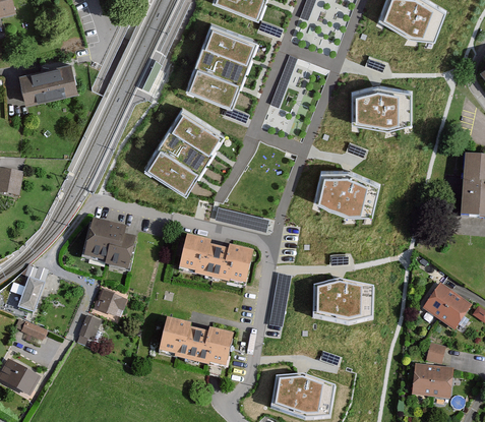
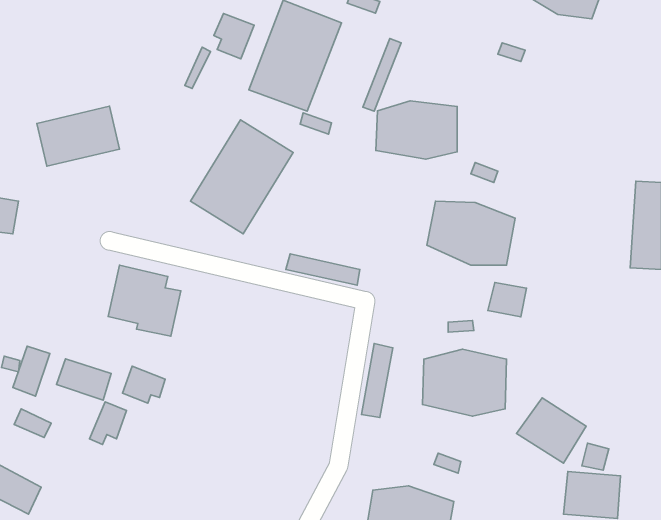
building: none -> [214,13,254,59]
building: [18,64,77,107] -> [37,106,120,166]
building: [352,88,410,130] -> [376,101,457,159]
building: none -> [488,282,526,317]
building: [182,233,257,281] -> none
building: [422,283,472,329] -> [517,398,586,463]
building: none -> [56,359,111,400]
building: [163,316,237,364] -> none

